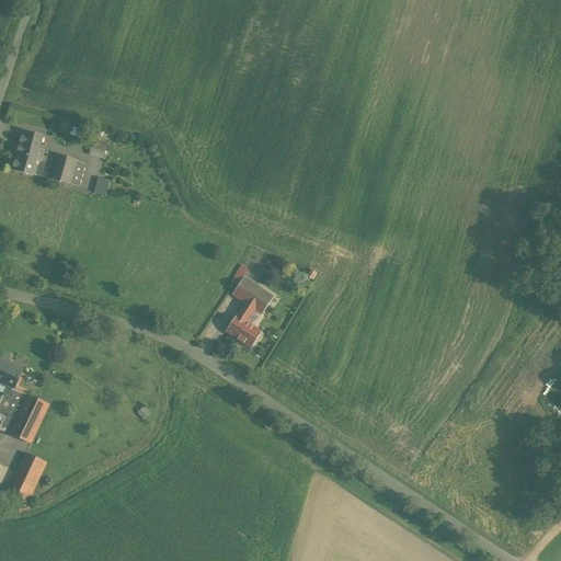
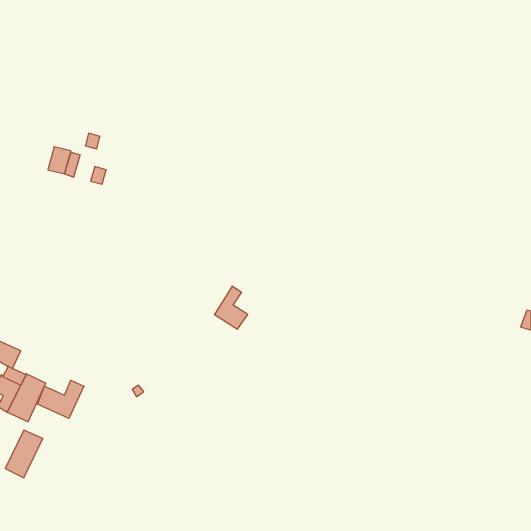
building: [11,130,42,173] -> none
building: [232,276,273,313] -> none
building: none -> [38,380,84,418]

